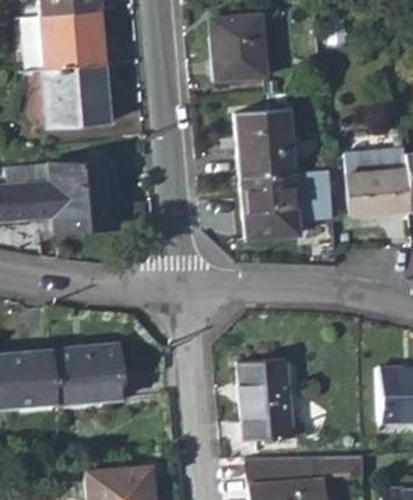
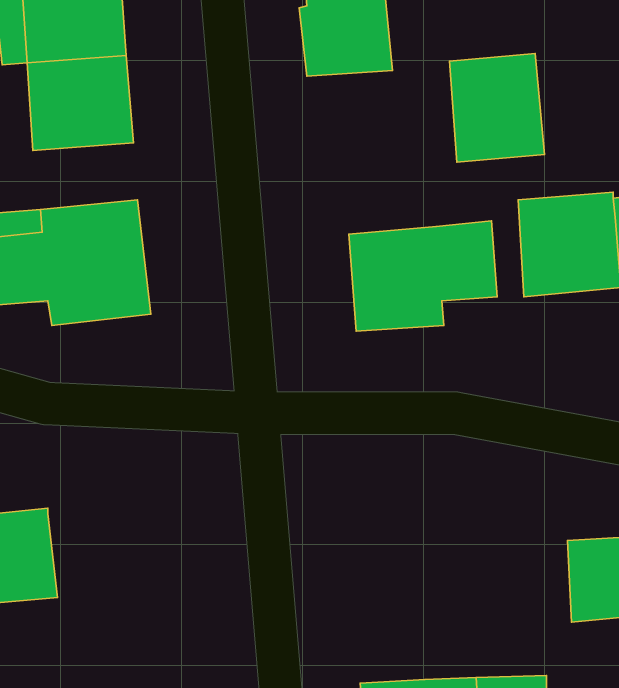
building: [236,110,295,177] -> [449,54,545,162]
building: [52,343,124,405] -> none
building: [240,360,292,438] -> none

